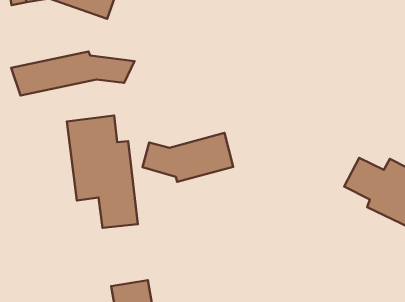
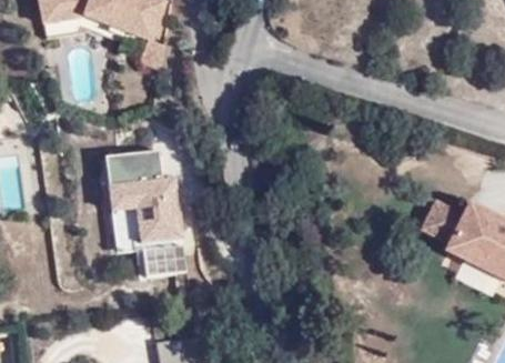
building: [11,51,135,96] -> none
building: [143,133,233,182] -> none

